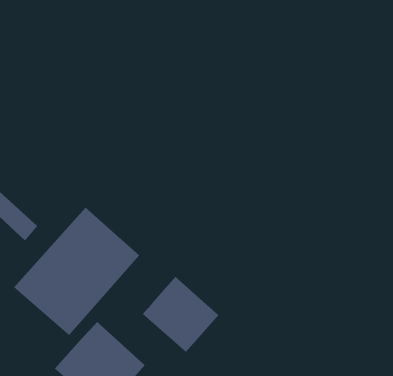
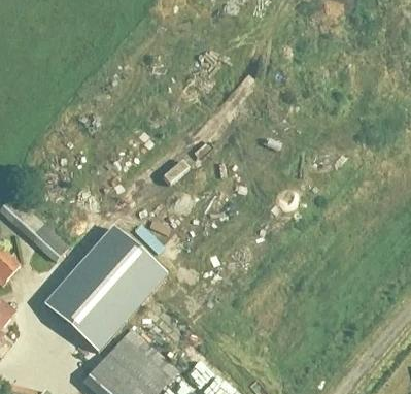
building: [142,276,219,353] -> none

